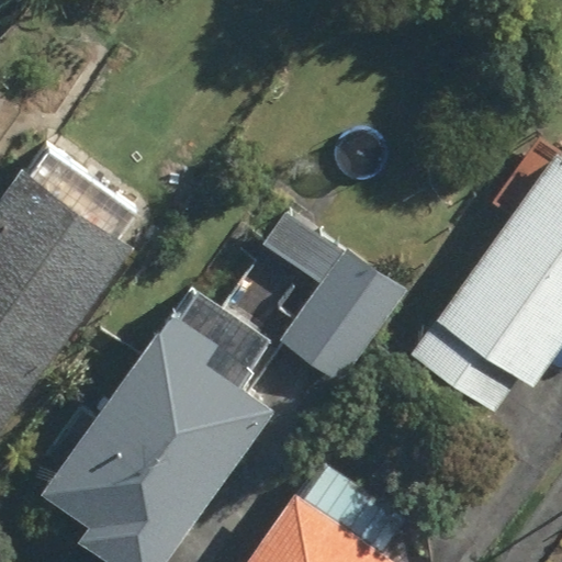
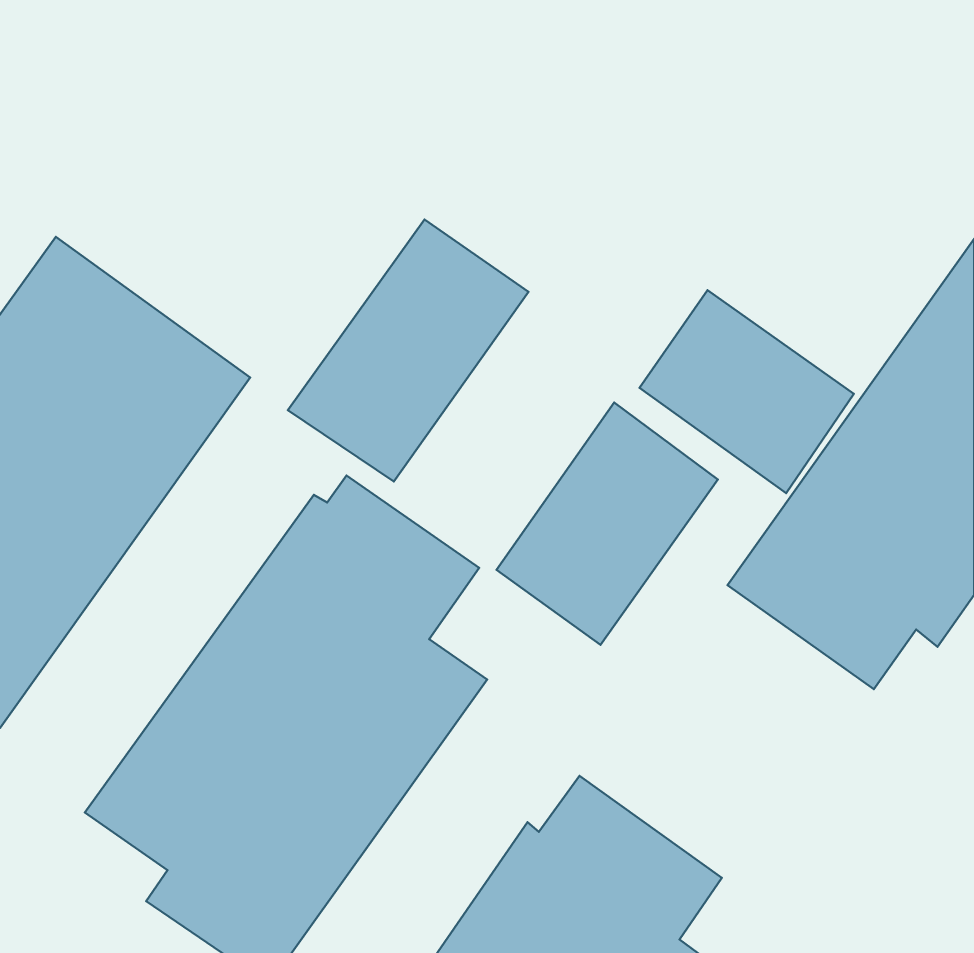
building: none -> [288,220,529,482]
building: none -> [639,290,854,493]

